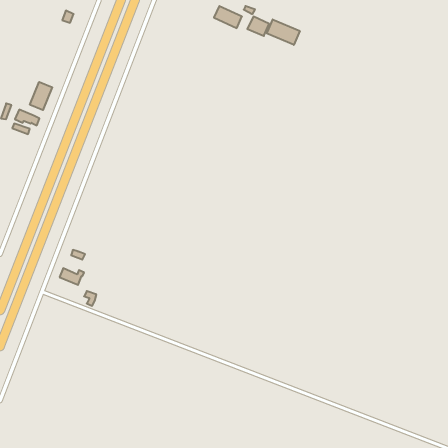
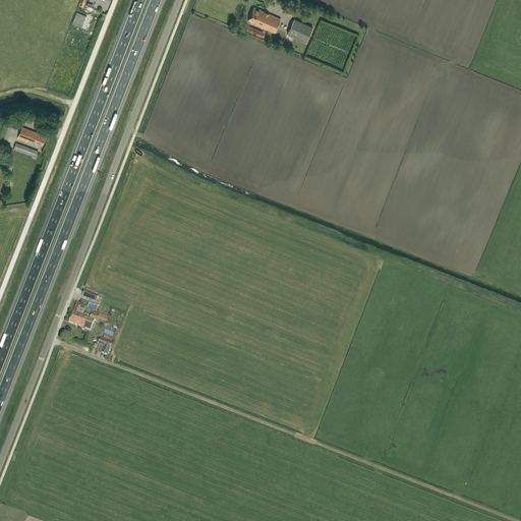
building: [267,19,300,45] -> none
building: [30,82,52,110] -> none

